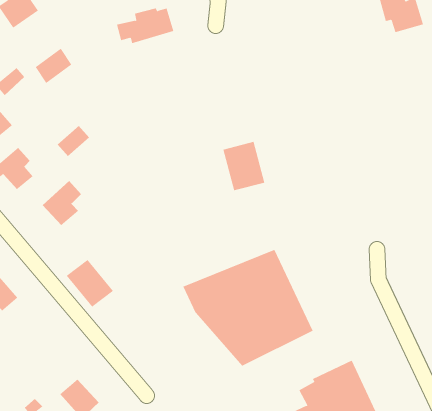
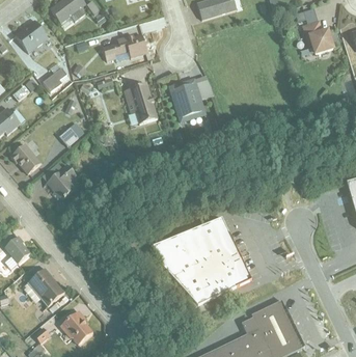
building: none -> [121,84,157,122]
building: [222,141,265,191] -> [168,81,200,118]
building: [66,259,114,307] -> [27,268,63,304]

